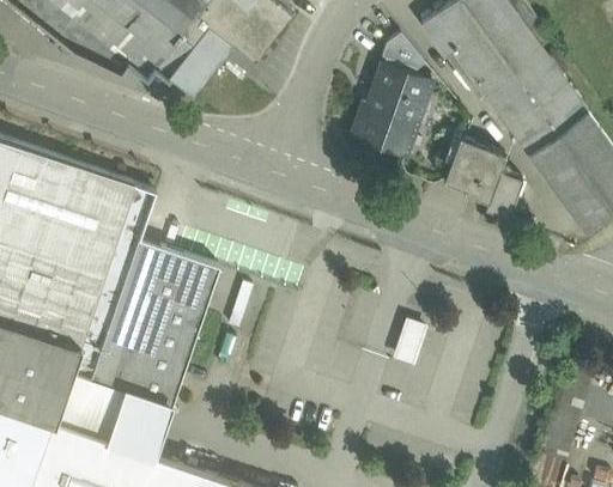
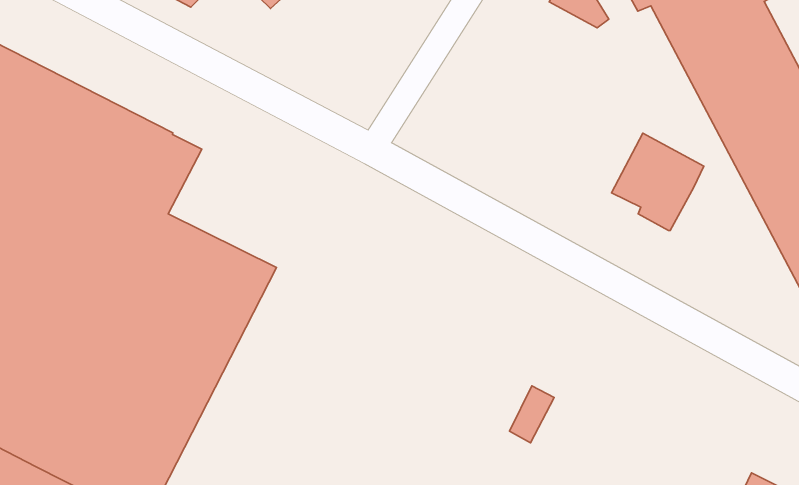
building: [352,63,431,157] -> none
building: [484,170,521,217] -> none

